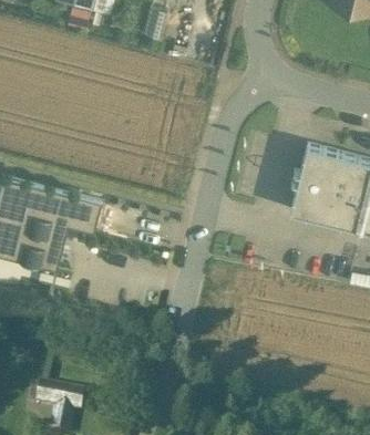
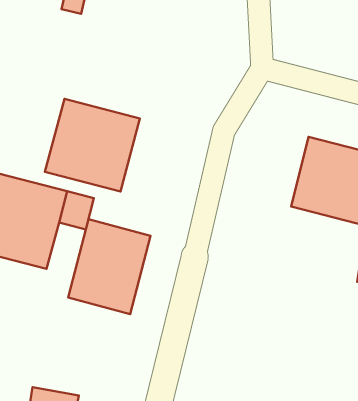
building: none -> [45,99,140,191]
building: none -> [68,219,150,314]

